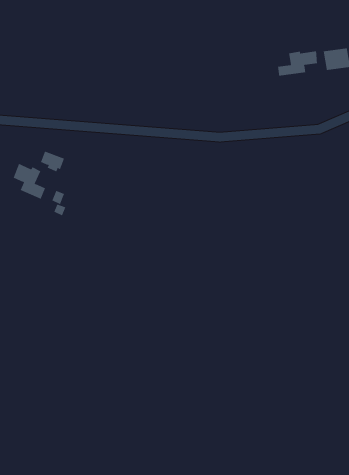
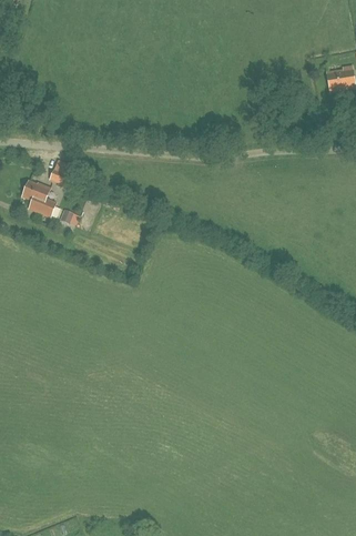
building: [278,50,318,77] -> none

